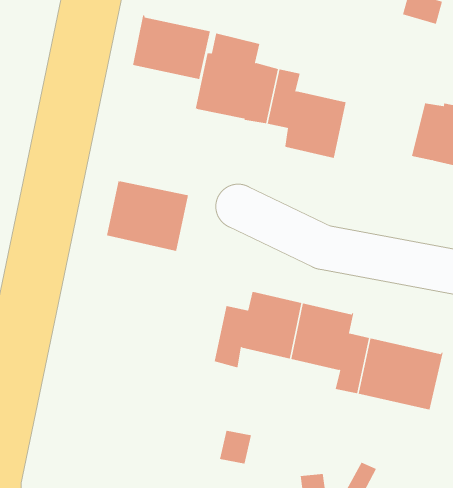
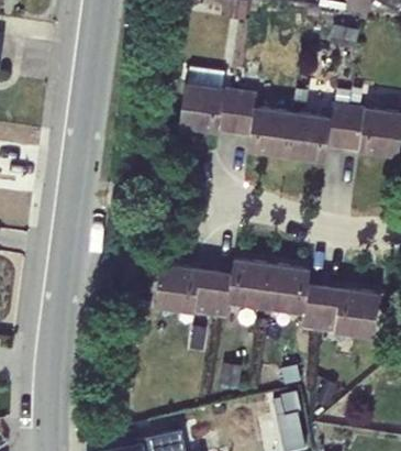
building: [132,15,211,80] -> none
building: none -> [287,90,353,162]
building: [106,179,189,252] -> [155,264,214,315]

